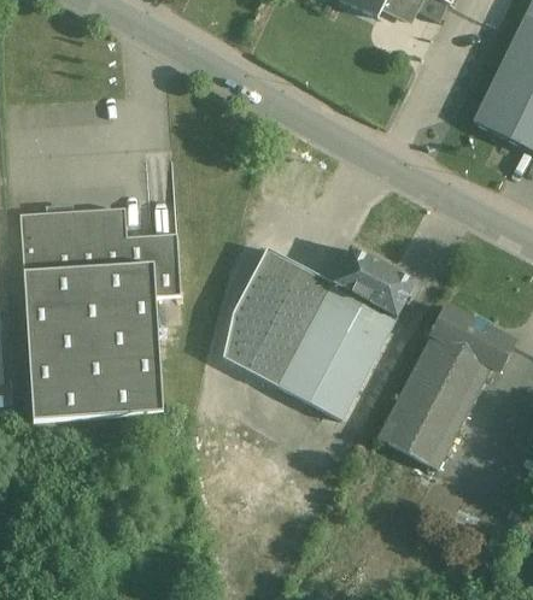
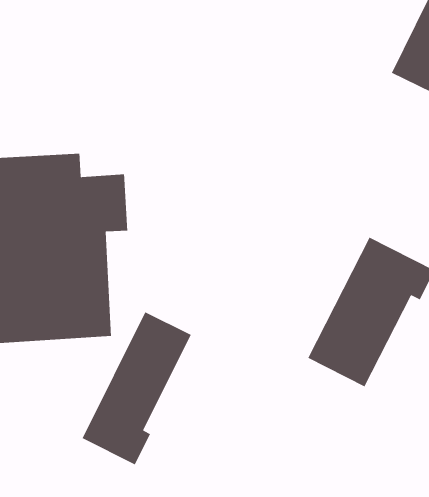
building: [228,239,417,417] -> none
building: none -> [81,311,192,466]

